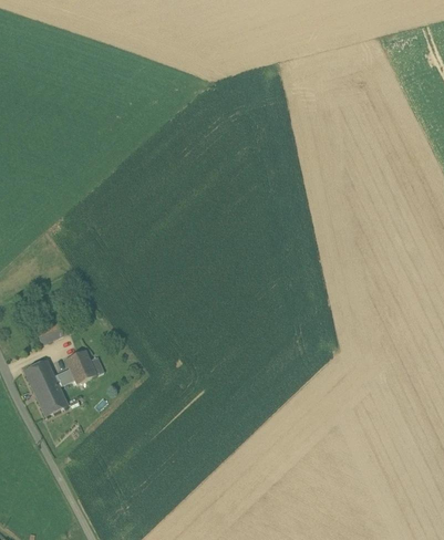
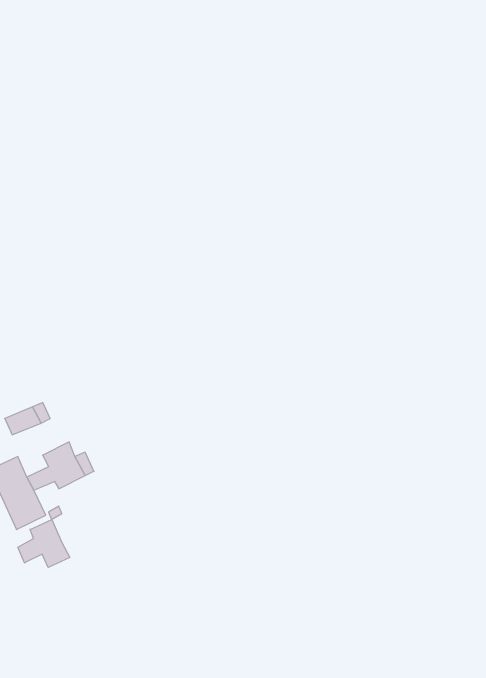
building: none -> [18,519,70,567]

